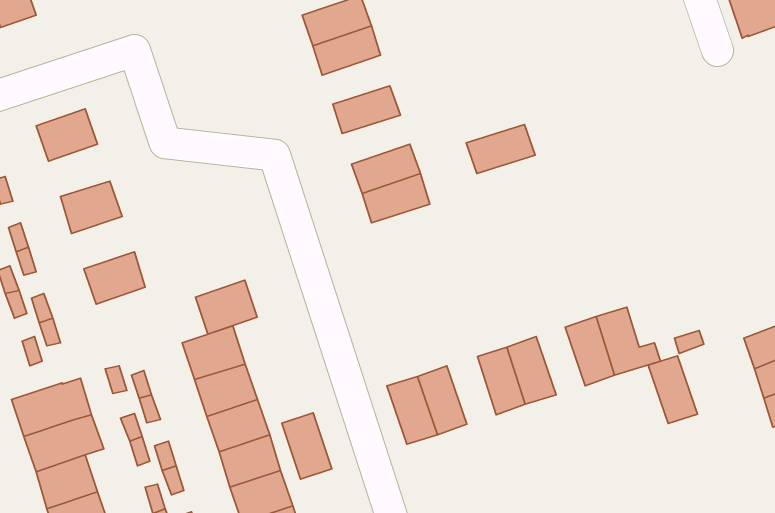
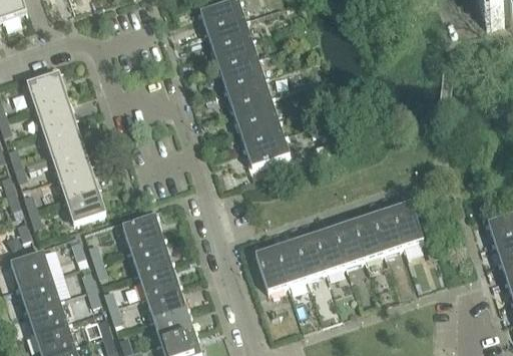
building: none -> [212,36,256,68]
building: none -> [225,75,270,107]
building: [466,124,535,174] -> [244,133,290,165]
building: none -> [34,94,74,128]
building: none -> [49,141,90,175]
building: [196,280,257,334] -> [65,188,105,223]
building: [648,356,697,424] -> [352,214,384,258]
building: none -> [294,233,326,277]
building: [282,413,332,479] -> none

